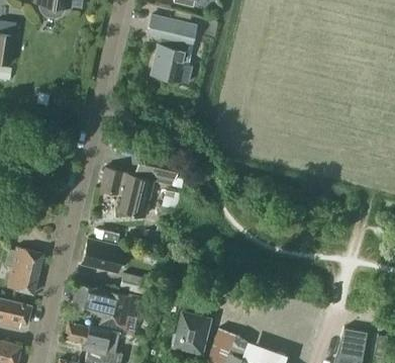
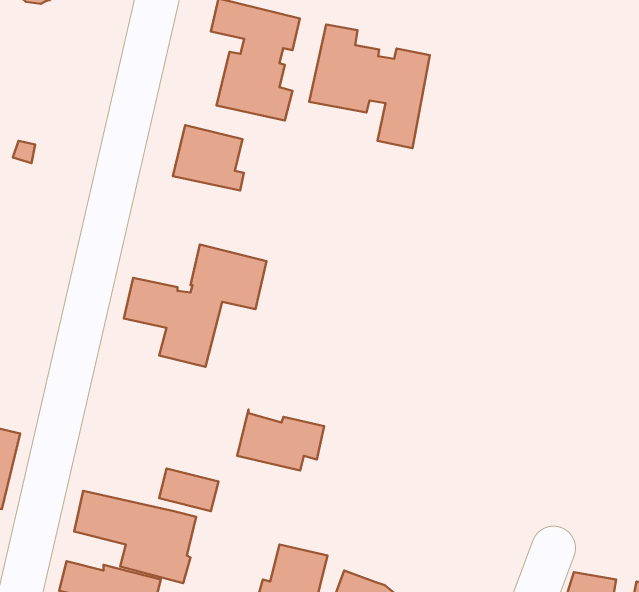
building: none -> [309,24,430,148]
building: none -> [173,125,244,191]
building: [82,239,129,272] -> [237,409,324,471]

